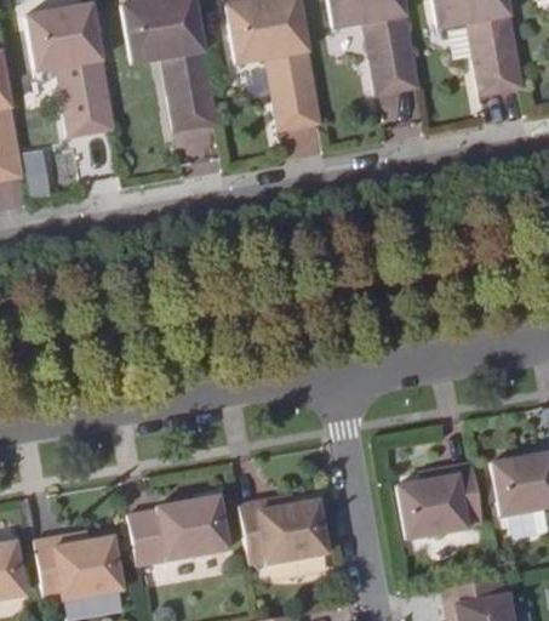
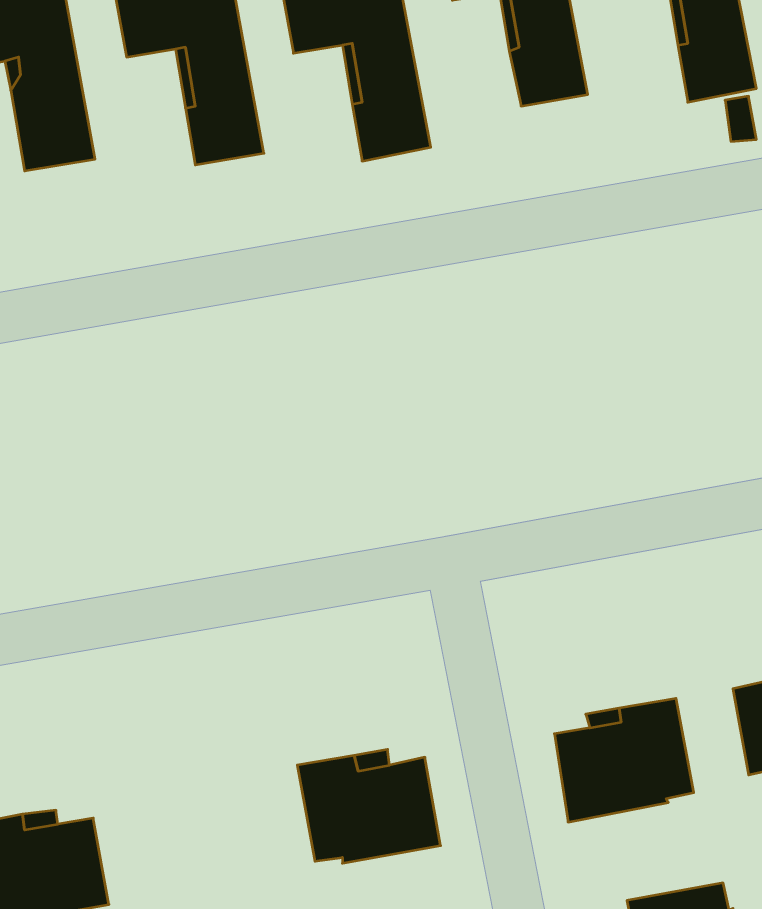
building: [128,496,229,565] -> none

